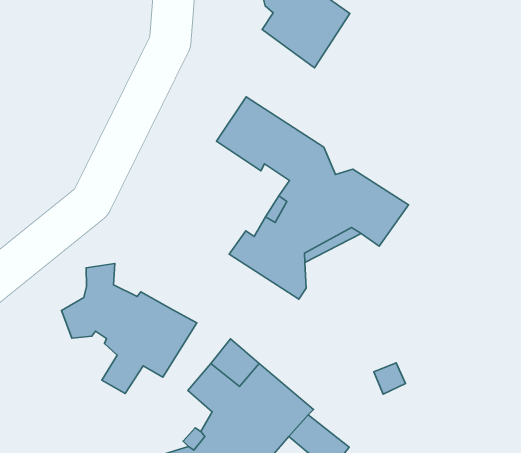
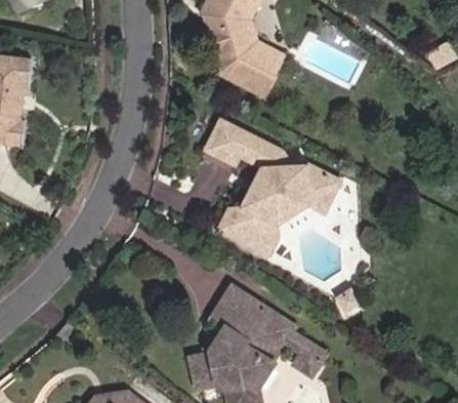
building: [61,264,197,394] -> none

